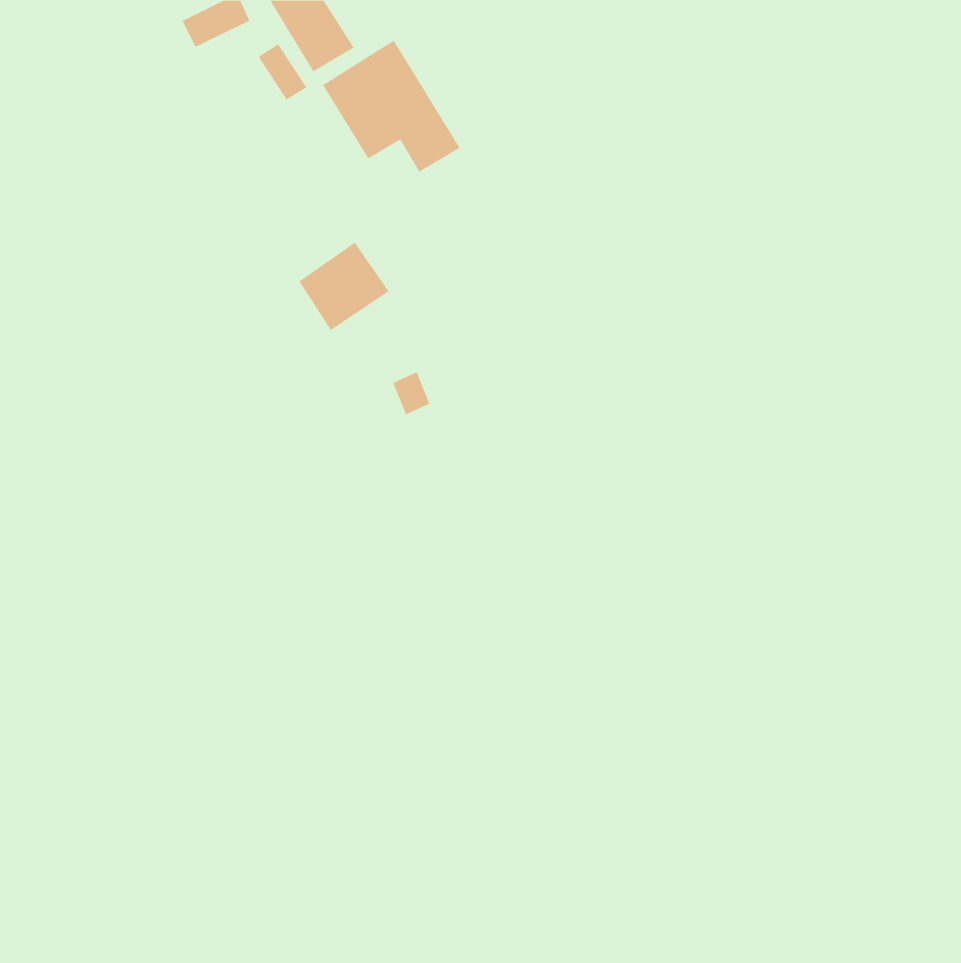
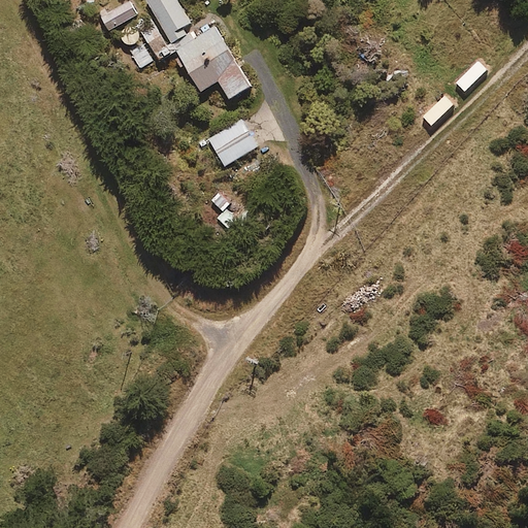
building: [298,242,389,331] -> [207,119,257,167]

